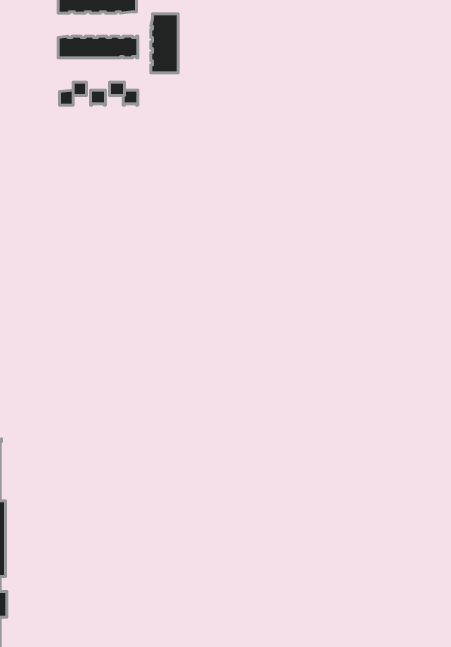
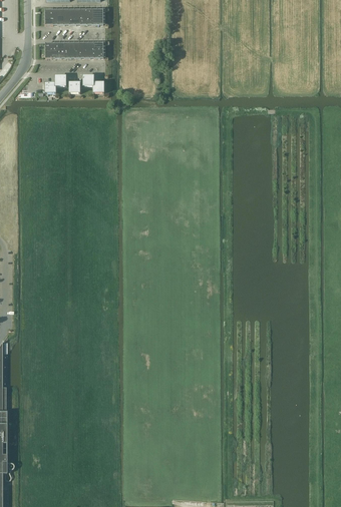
building: [151,14,178,73] -> none

